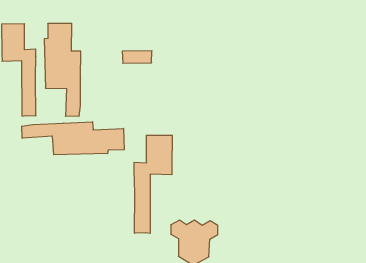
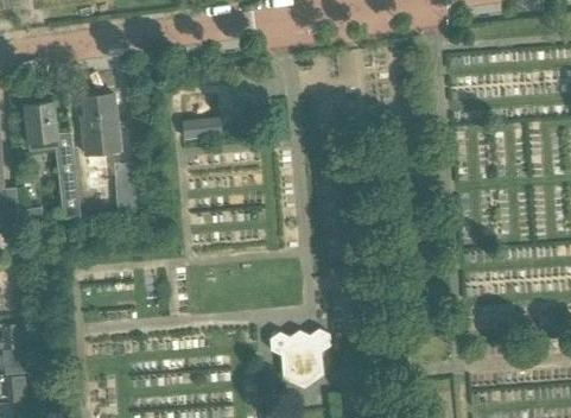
building: [22,122,124,155] -> none
building: [134,135,172,233] -> none

